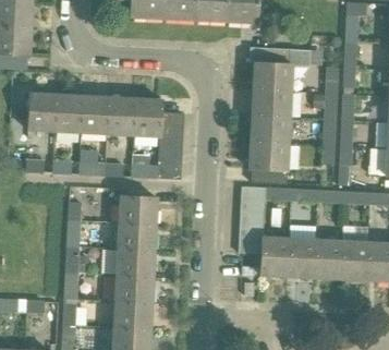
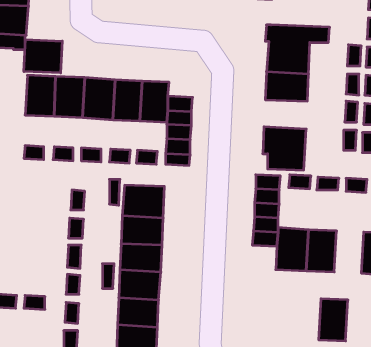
building: none -> [24,40,62,73]
building: [250,117,290,144] -> none
building: [315,239,342,278] -> [319,299,348,341]

